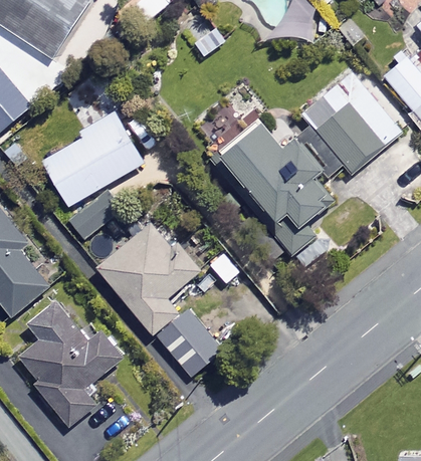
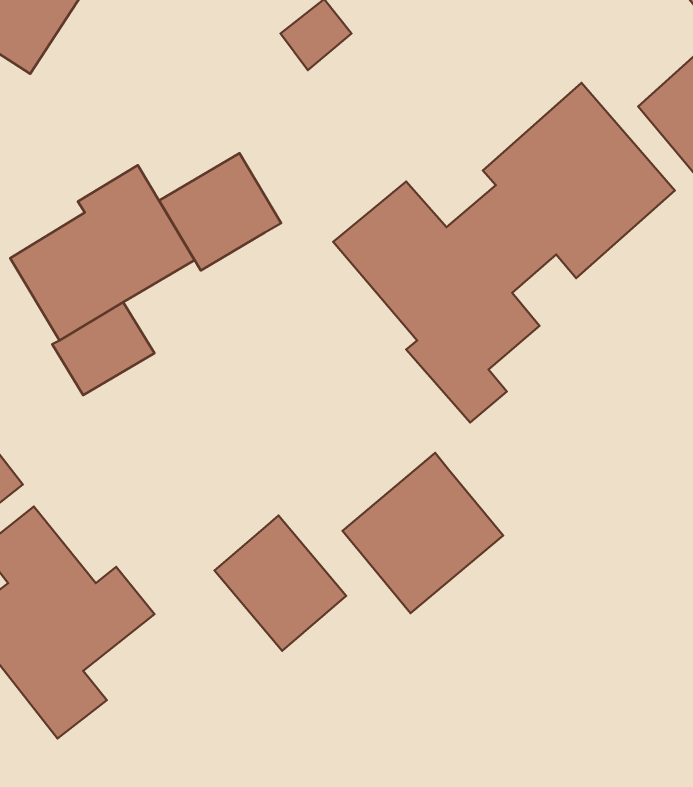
building: none -> [159,153,281,270]
building: [96,223,204,334] -> none
building: none -> [342,453,503,613]

